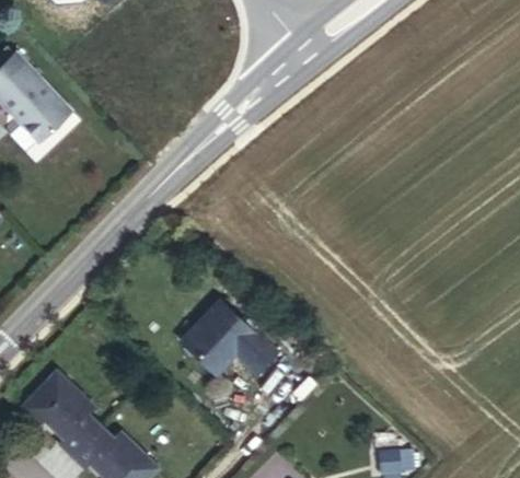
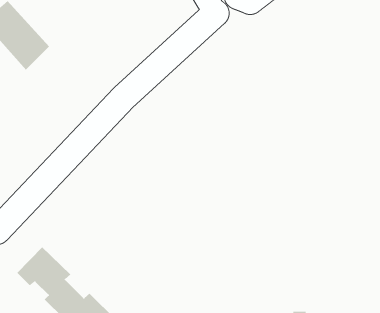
building: [182,300,277,375] -> none

